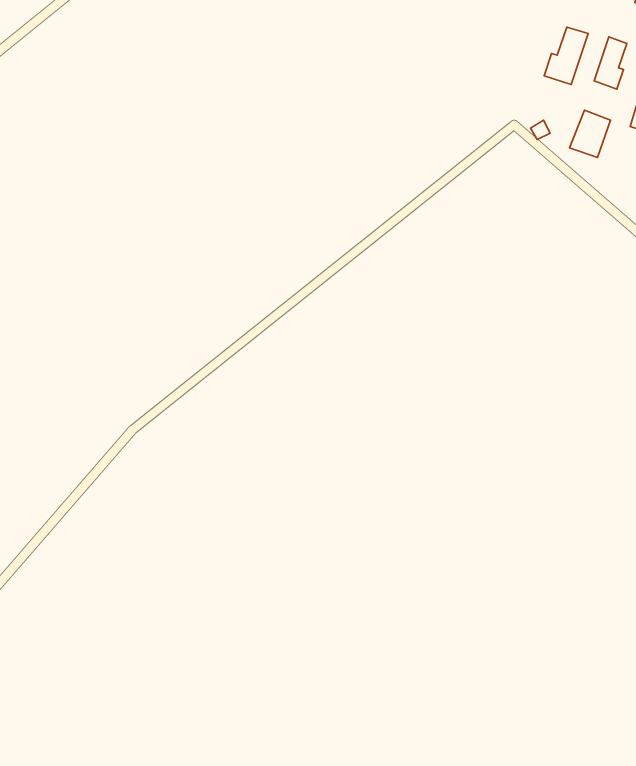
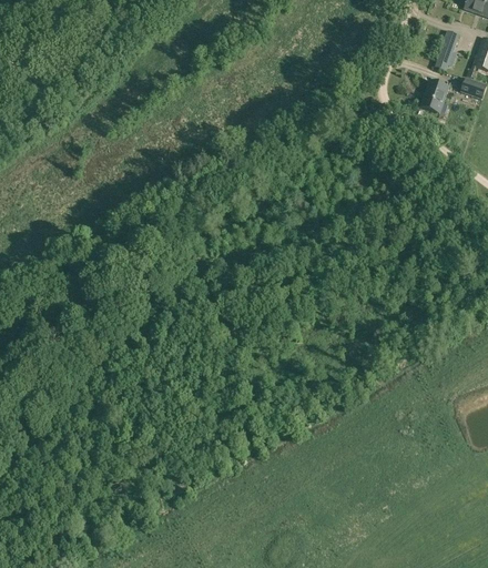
building: [544,27,588,84] -> none

